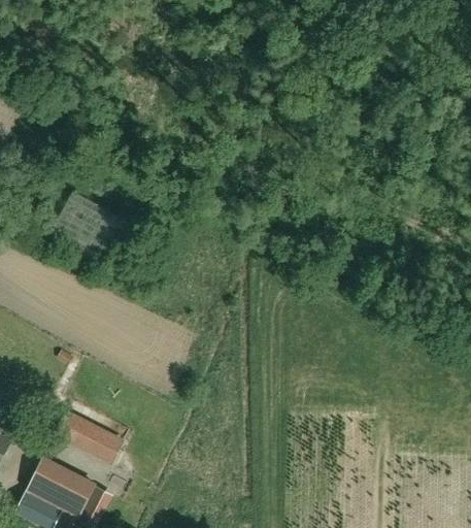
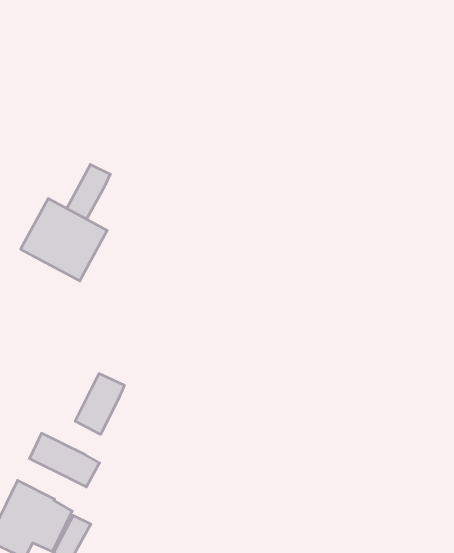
building: none -> [67,164,110,219]
building: none -> [75,374,124,434]

